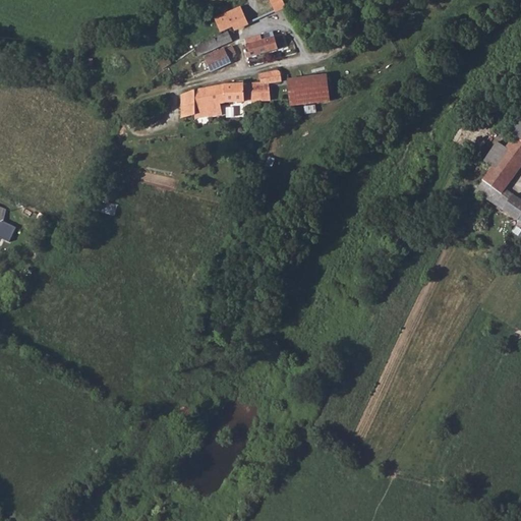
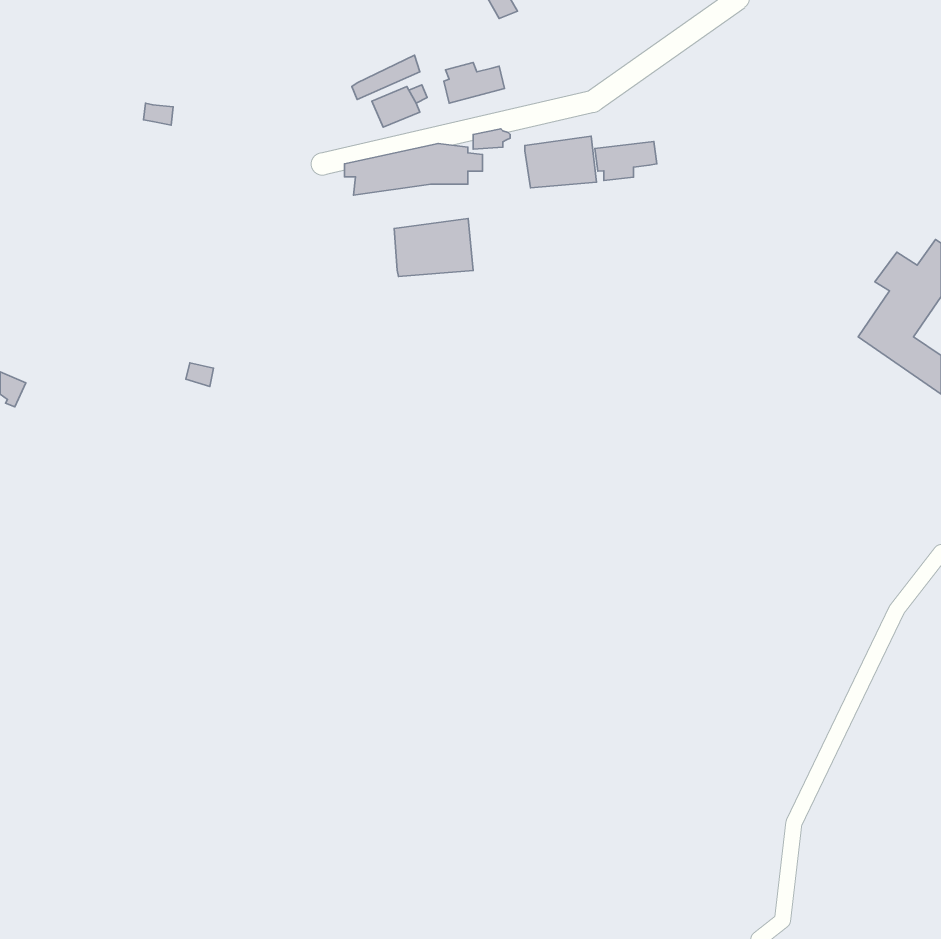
building: [215,6,248,31] -> none
building: none -> [595,141,657,181]
building: none -> [394,219,473,276]

